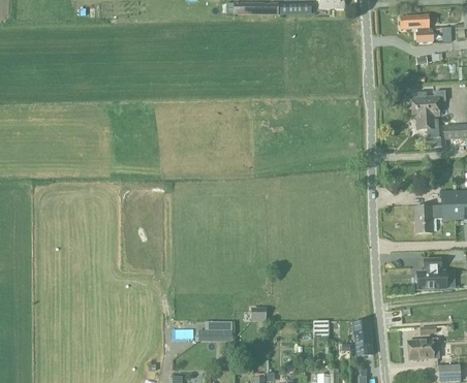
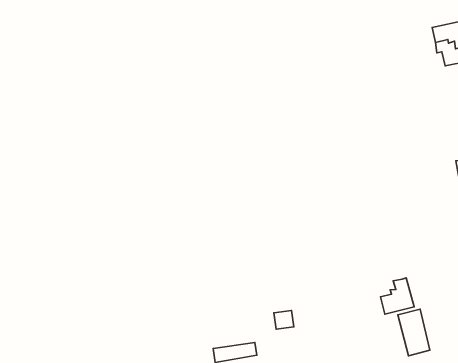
building: none -> [381,278,414,314]

